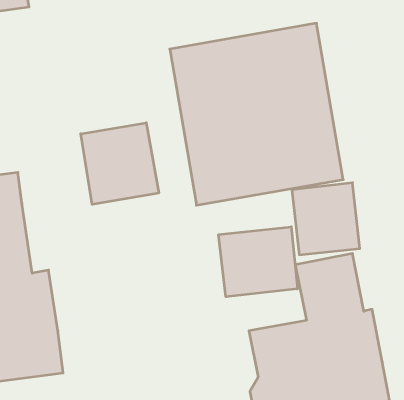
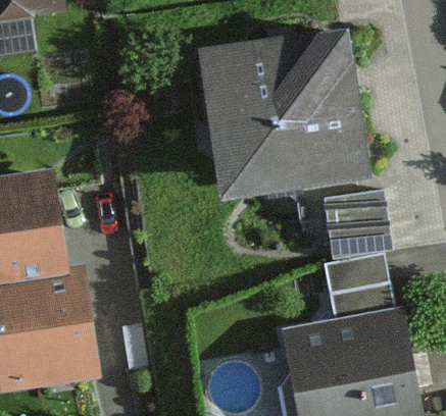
building: [81,123,159,204] -> none
building: [219,227,297,297] -> none

